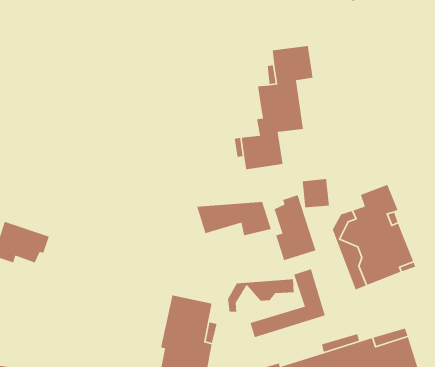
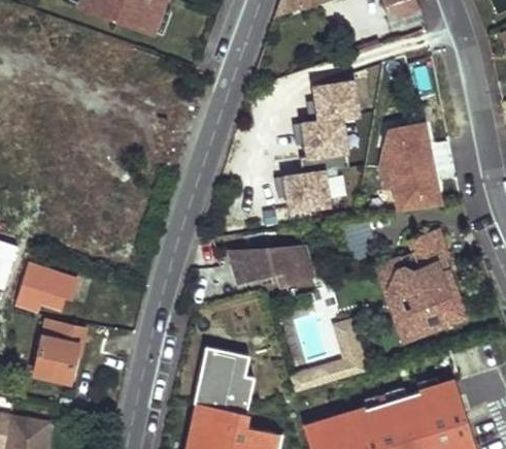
building: none -> [382,122,442,210]
building: [274,194,317,261] -> none
building: none -> [35,325,85,383]
building: [227,279,294,313] -> none

